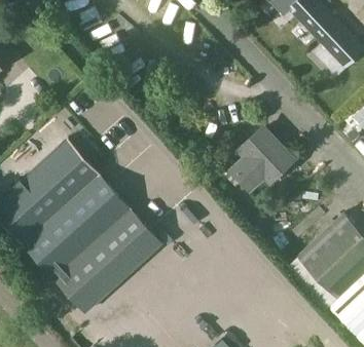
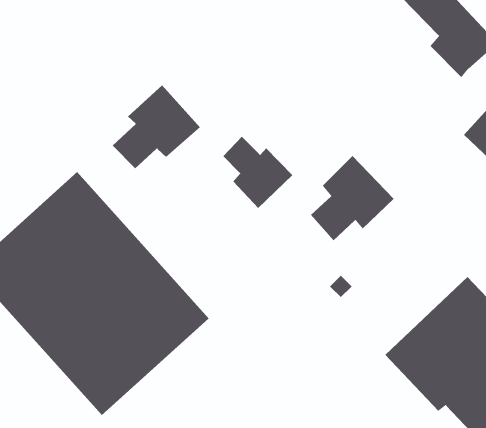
building: none -> [112,85,201,169]
building: none -> [222,136,293,209]

